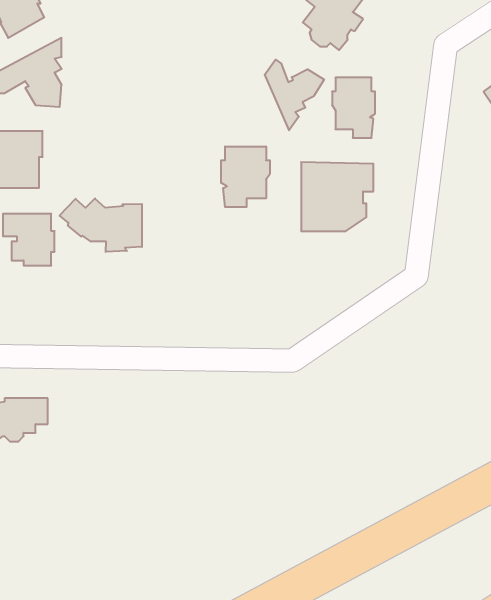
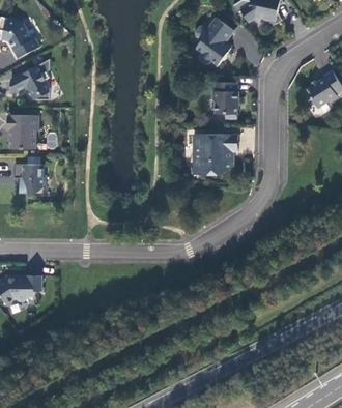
building: [265,60,324,130] -> none
building: [221,146,270,207] -> none
building: [60,198,142,252] -> none

